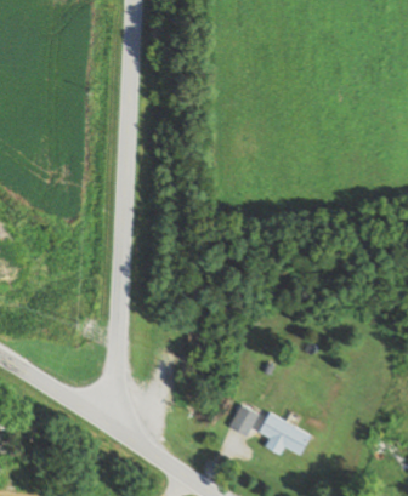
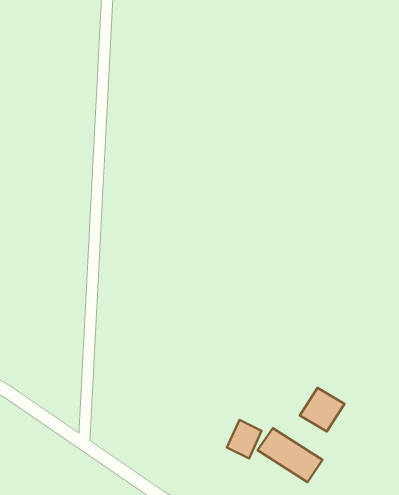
building: none -> [300,388,344,432]

